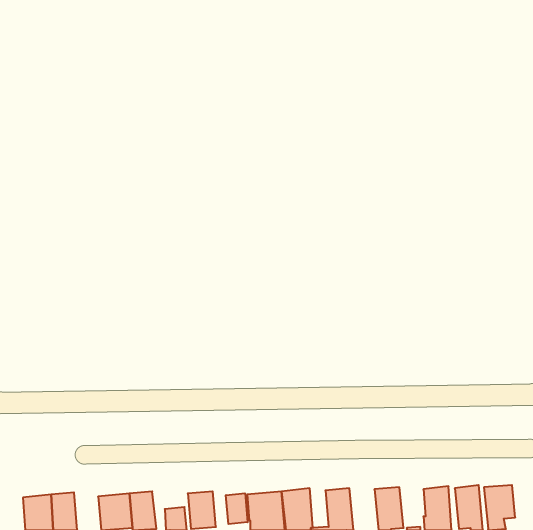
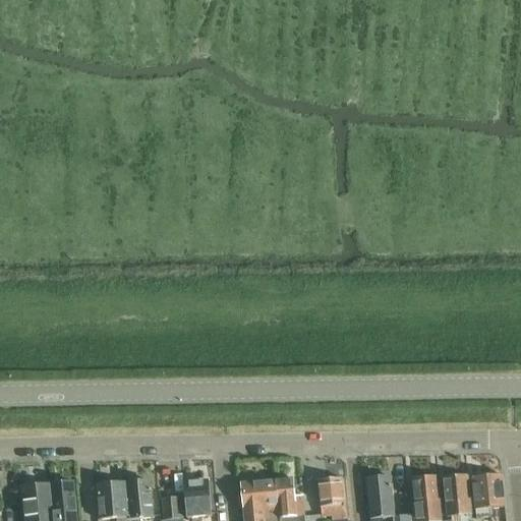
building: [226,493,248,524] -> none

